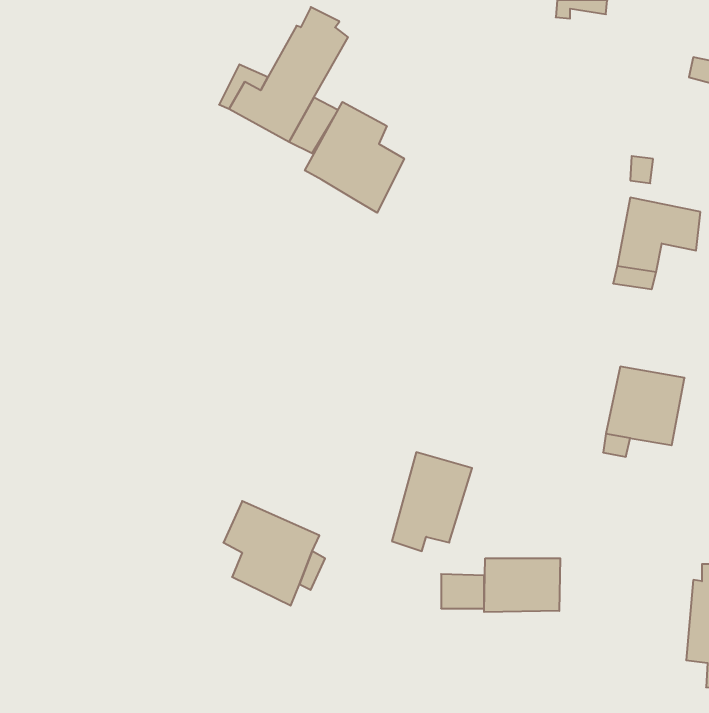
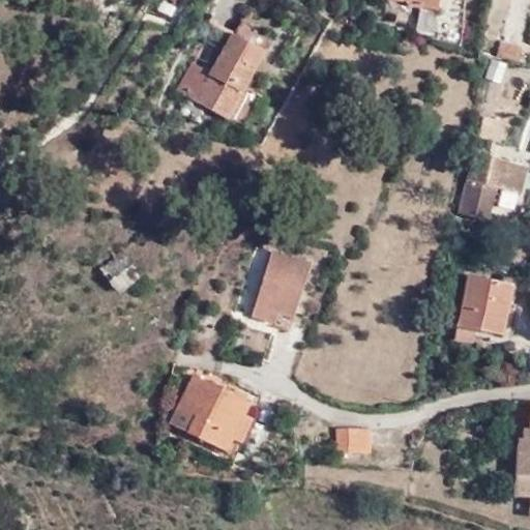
building: [305,102,404,213] -> none
building: [392,452,472,551] -> [251,251,308,322]
building: [484,558,560,612] -> none

